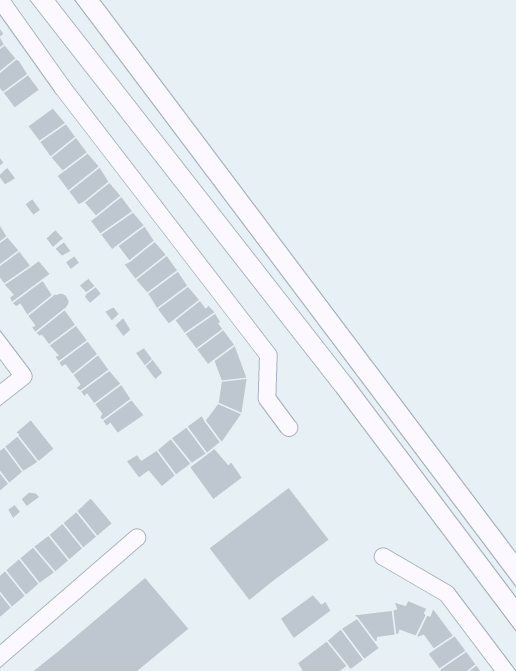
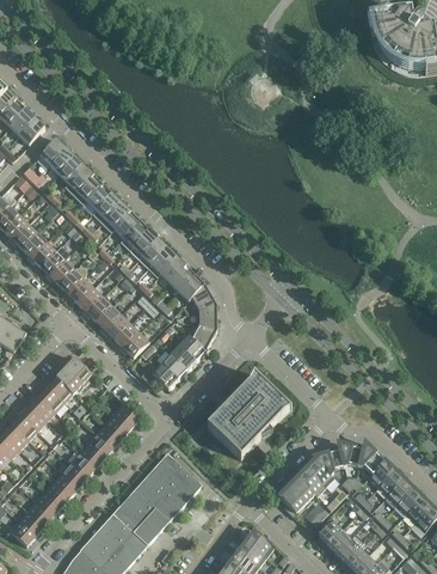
building: [189,447,243,500] -> none
building: [280,593,332,639] -> none

